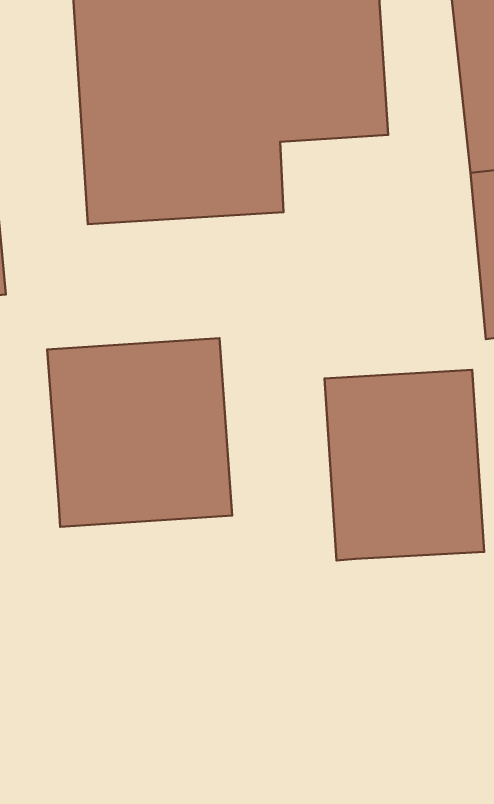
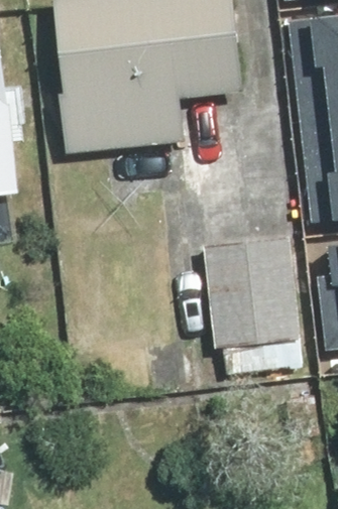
building: [47,338,232,527] -> none

